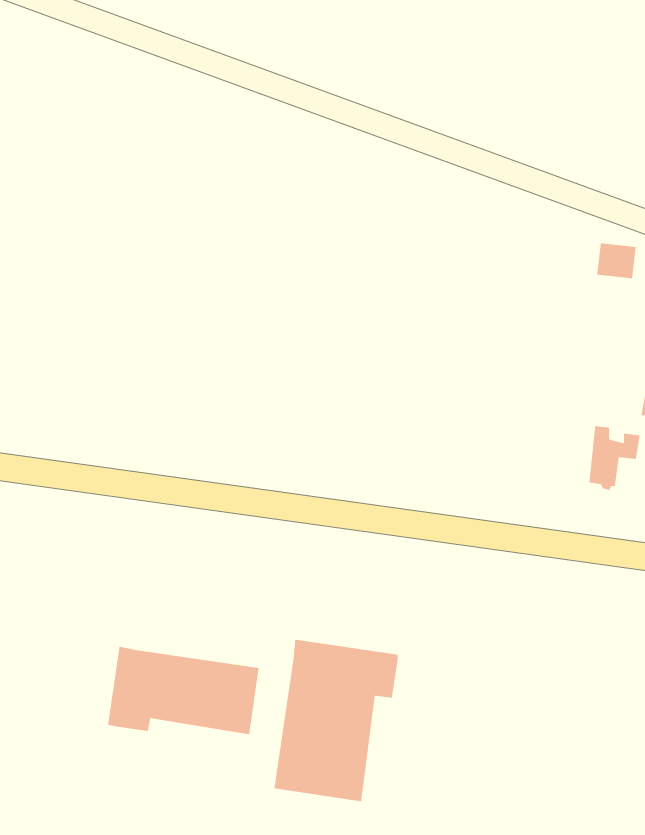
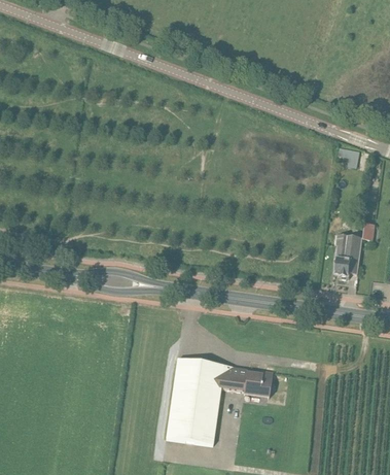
building: [107,646,259,735] -> none
building: none -> [229,369,272,397]

